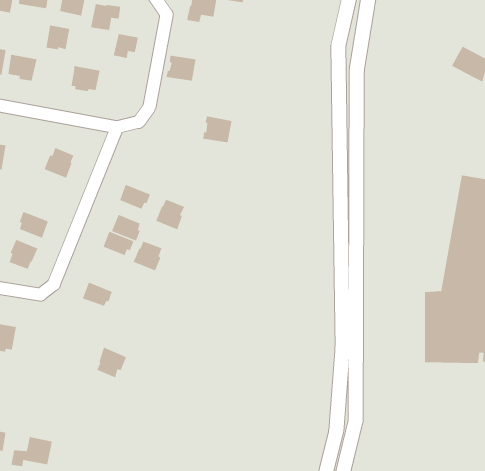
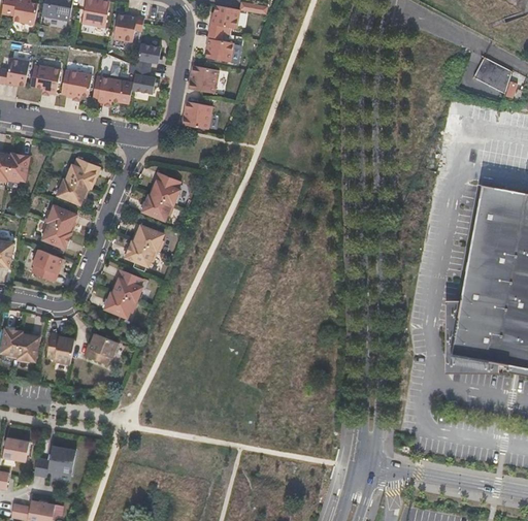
building: none -> [205,31,233,61]
building: [45,24,70,50] -> [66,70,91,96]
building: none -> [132,66,155,93]
building: [202,115,232,143] -> [182,100,211,128]
building: none -> [57,177,87,204]
building: none -> [44,204,76,230]
building: [155,198,185,230] -> [151,172,180,204]
building: [133,241,163,272] -> [112,270,142,301]
building: none -> [45,336,74,363]
building: [96,346,127,378] -> [87,332,118,364]

